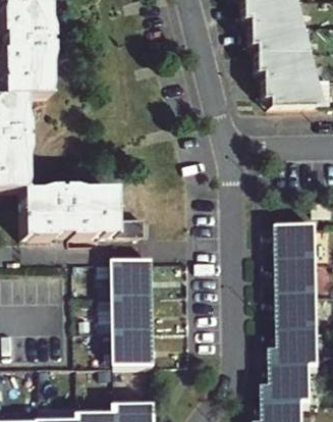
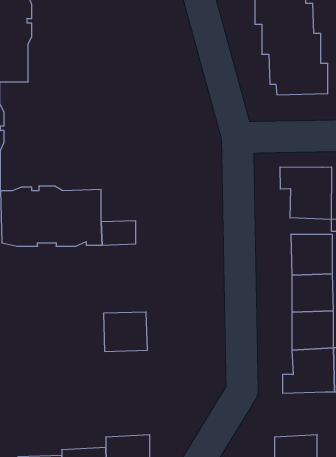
building: none -> [280,167,331,220]
building: [114,259,152,295] -> none
building: [115,327,154,364] -> none
building: [264,364,311,404] -> none

